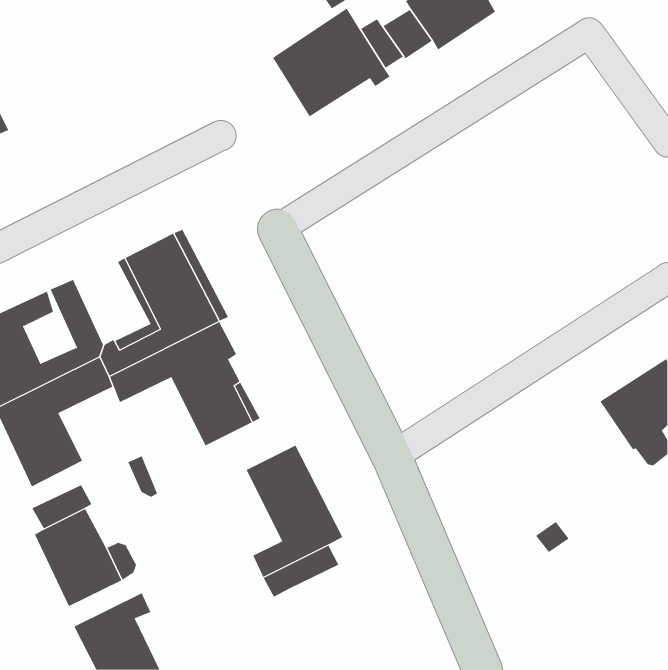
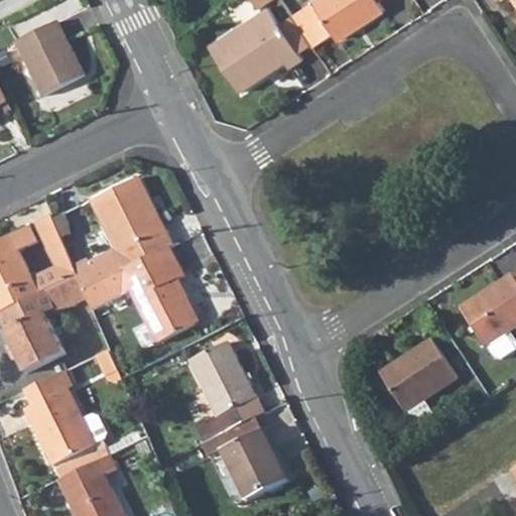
building: none -> [14,19,84,95]
building: none -> [379,338,457,409]
building: none -> [223,431,285,498]

